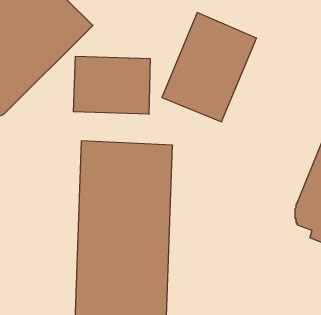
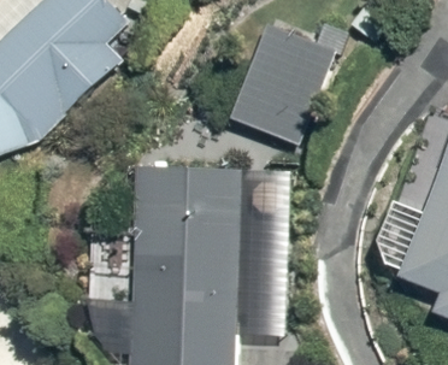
building: [73,56,150,114] -> none

